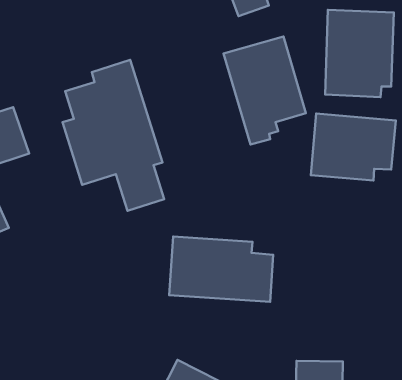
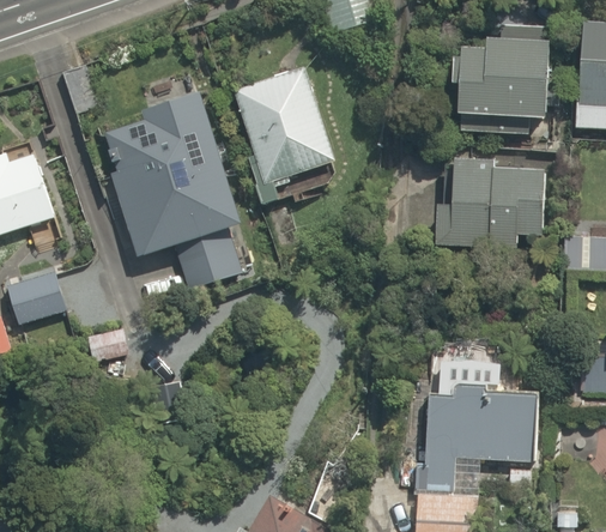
building: [224,37,306,145] -> [220,62,331,207]
building: [169,236,273,302] -> none
building: none -> [420,350,546,491]

